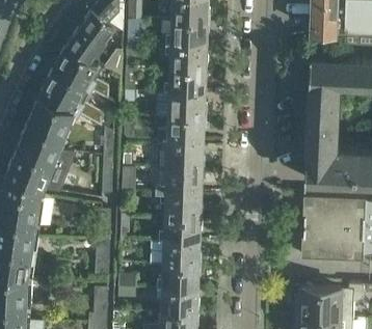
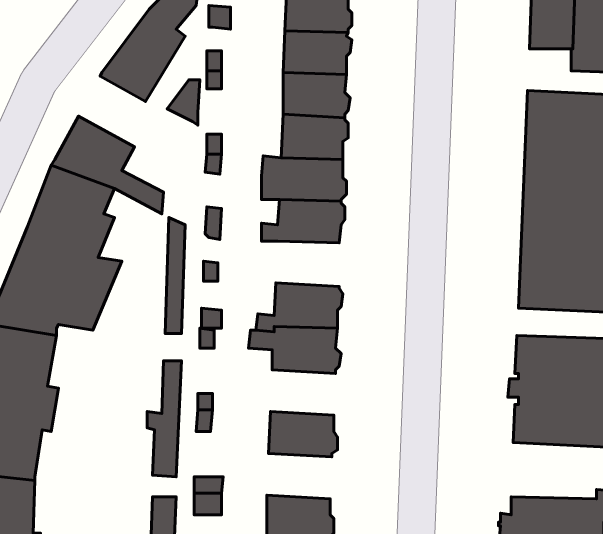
building: [52,48,106,101] -> none
building: [159,142,204,168] -> none
building: [162,216,202,242] -> none
building: [160,264,200,290] -> none

